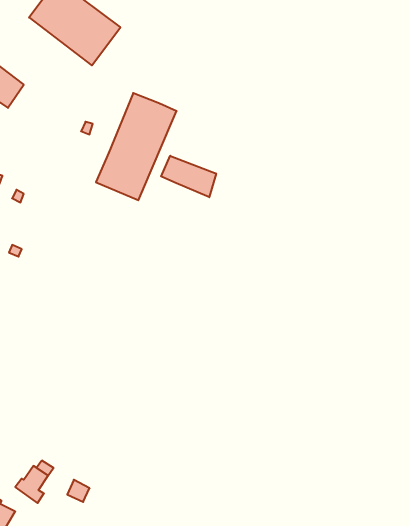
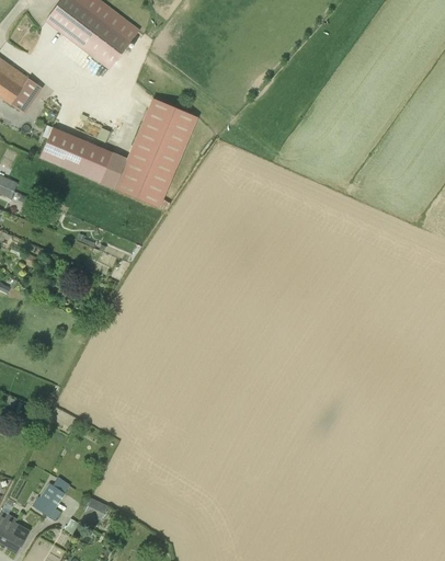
building: none -> [39,127,113,183]
building: [161,156,216,197] -> none

